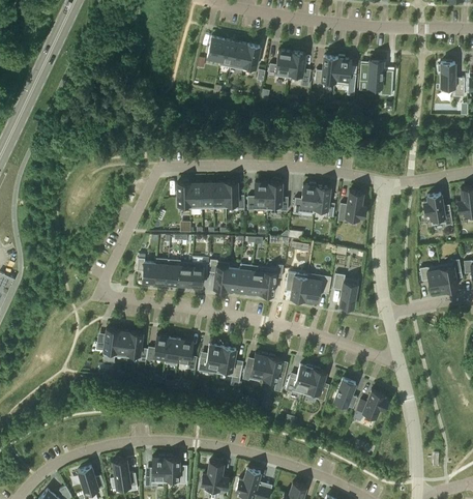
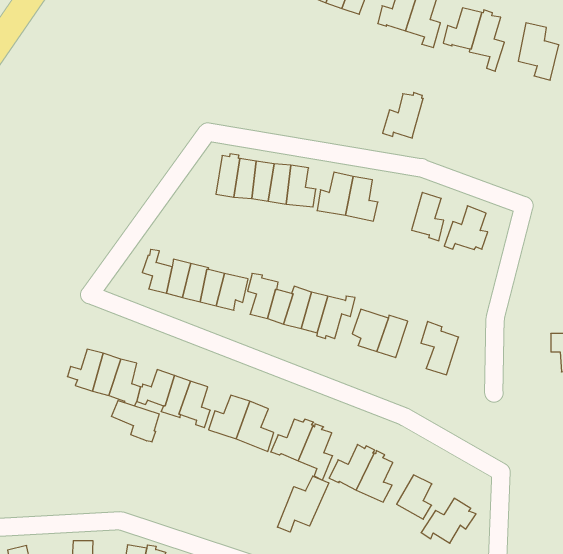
building: [293,183,317,215] -> [383,92,423,138]
building: none -> [112,400,159,442]
building: none -> [277,476,329,532]

